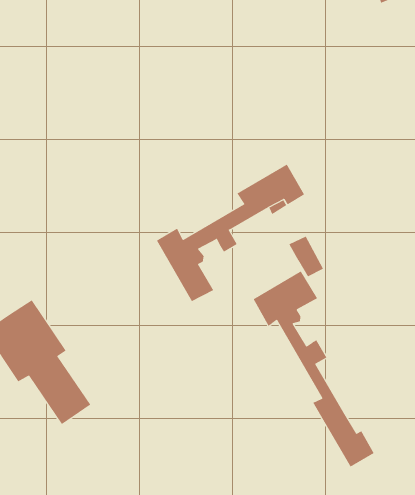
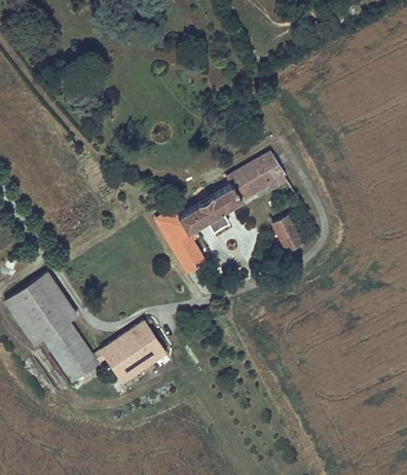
building: [253,271,374,468] -> none
building: none -> [101,321,166,381]

